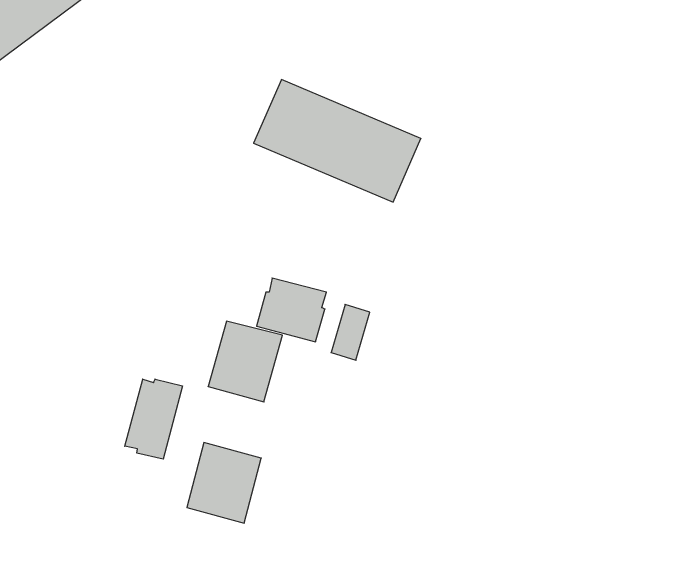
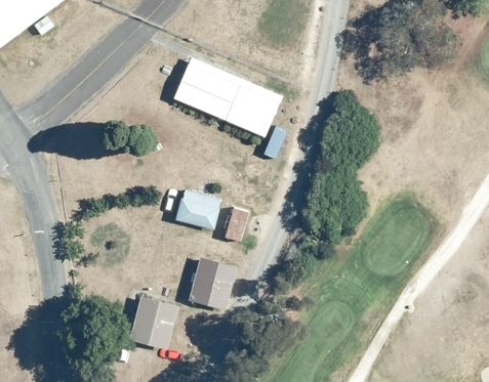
building: [208,321,282,402] -> [188,257,237,310]
building: [125,379,182,459] -> none

